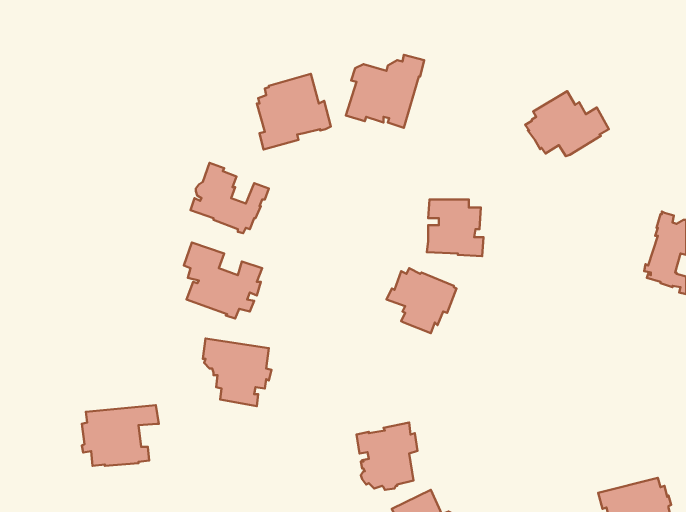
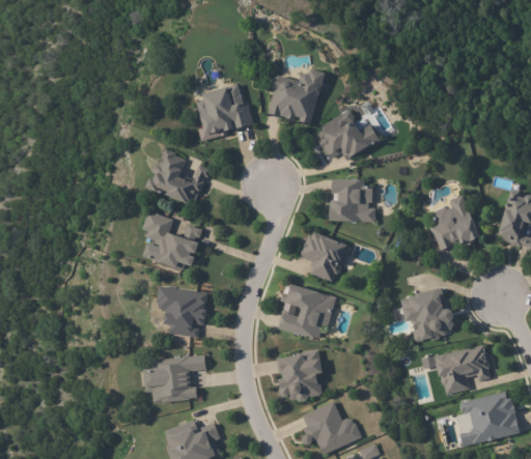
building: [525,91,609,156] -> [316,111,381,161]
building: none -> [429,196,483,252]
building: none -> [278,283,337,339]
building: none -> [401,288,456,342]
building: [82,405,159,466] -> [146,355,205,402]
building: none -> [436,346,490,396]

